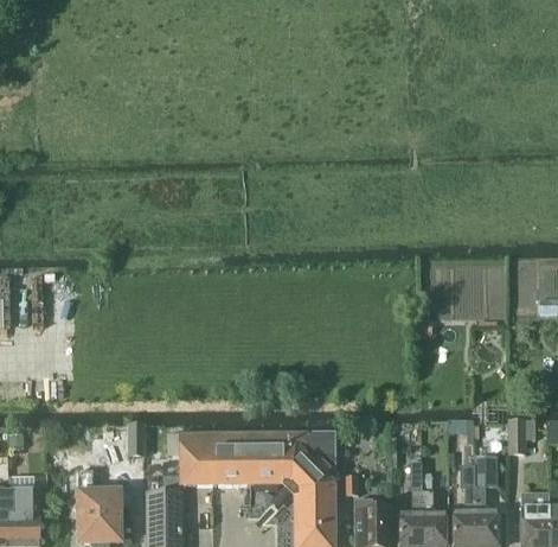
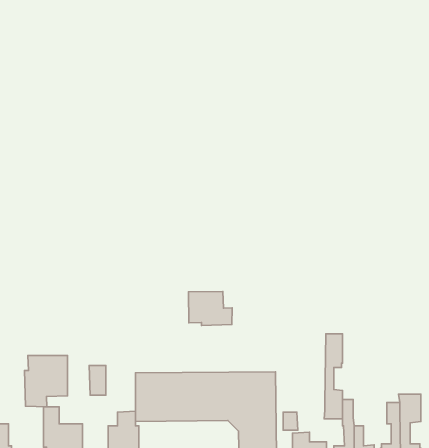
building: none -> [189,292,232,326]
building: none -> [324,334,342,419]
building: none -> [24,355,68,407]

